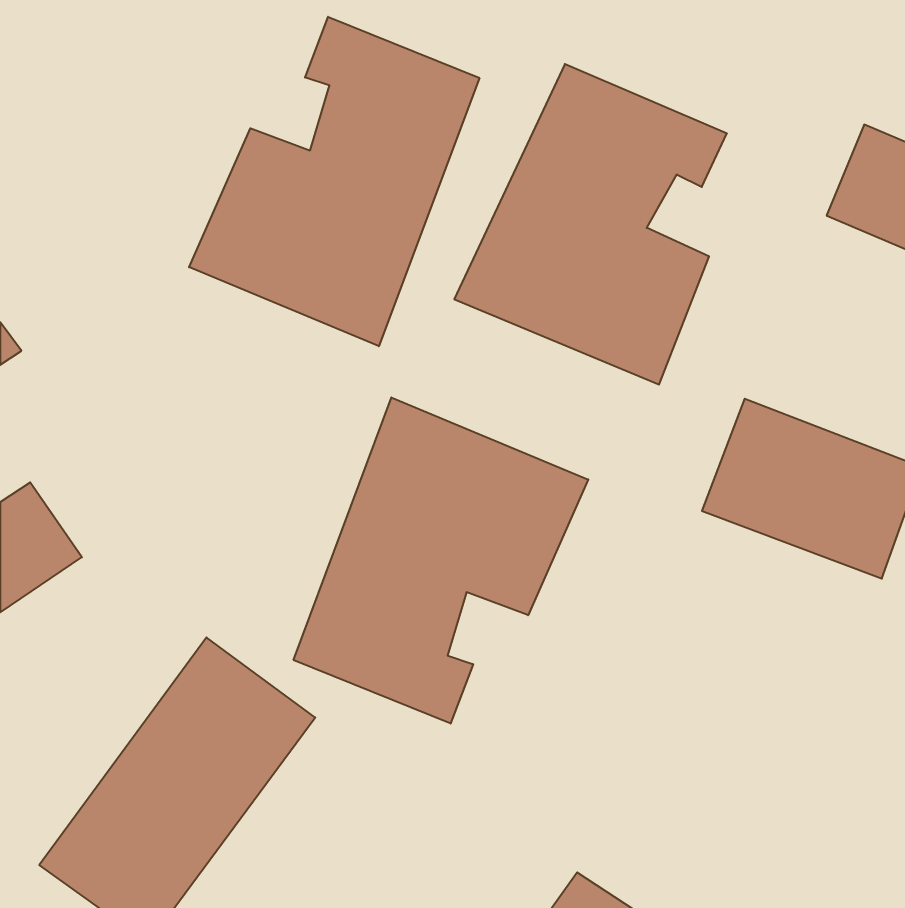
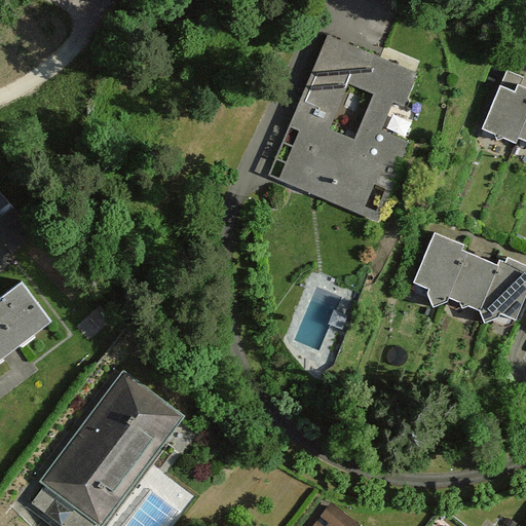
building: [189,17,479,346] -> none
building: [294,397,588,724] -> none

